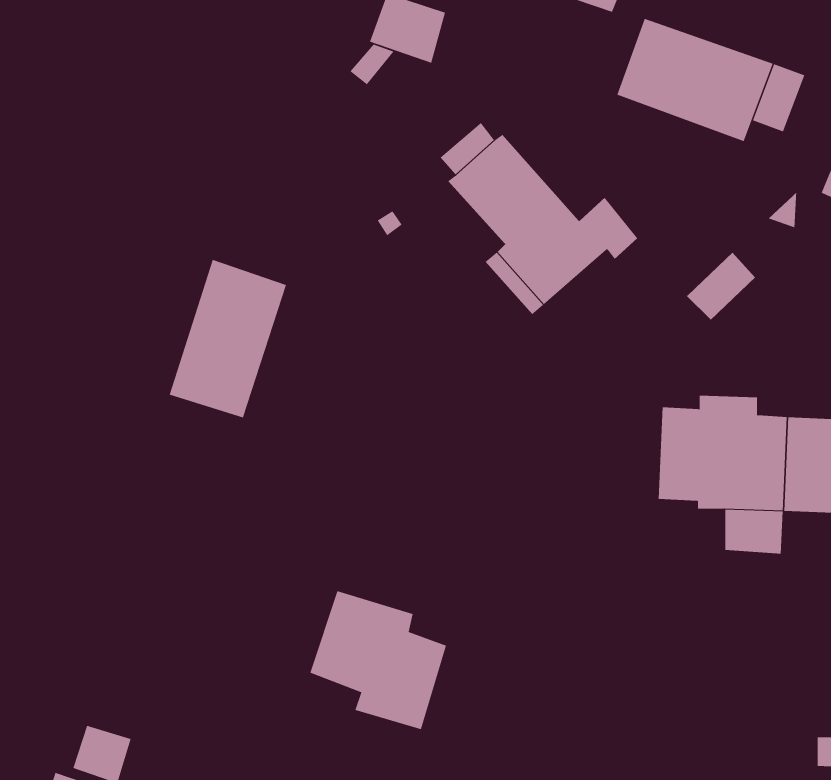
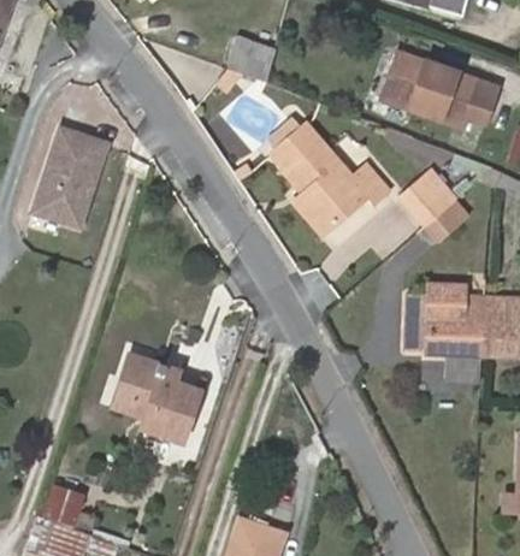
building: none -> [398,166,454,223]
building: [169,259,287,418] -> [35,130,107,227]
building: [309,590,447,730] -> [114,355,199,440]

